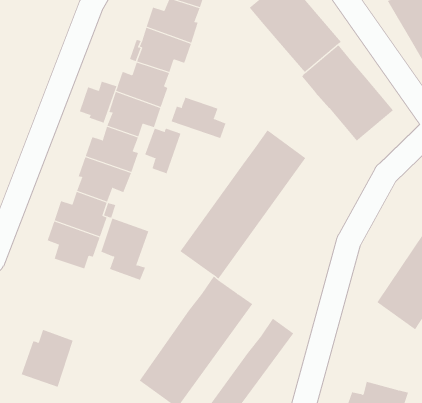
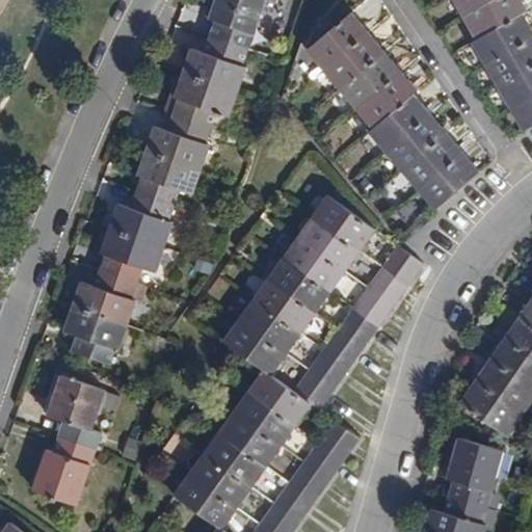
building: [79,81,117,123] -> none
building: [171,97,226,139] -> none
building: [145,128,181,174] -> none
building: none -> [292,246,423,409]
building: [101,218,149,281] -> [48,373,106,448]
building: none -> [444,437,501,507]

